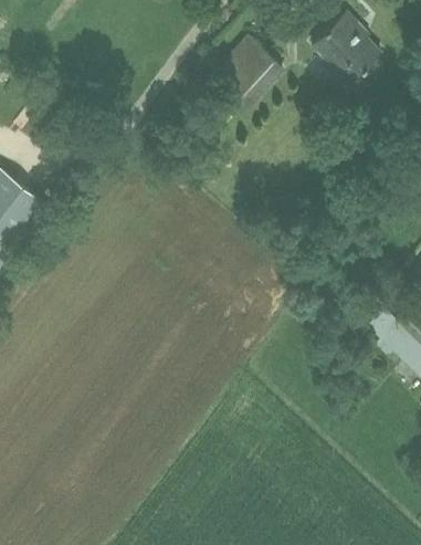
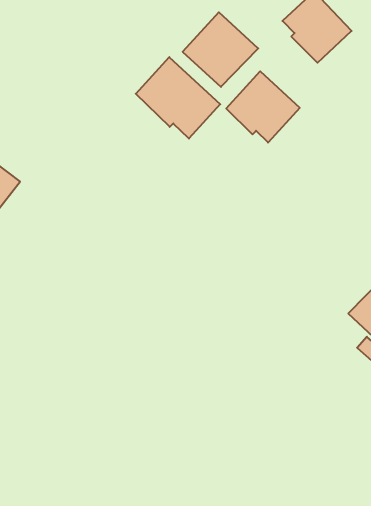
building: none -> [136,57,220,139]
building: none -> [226,71,300,143]

